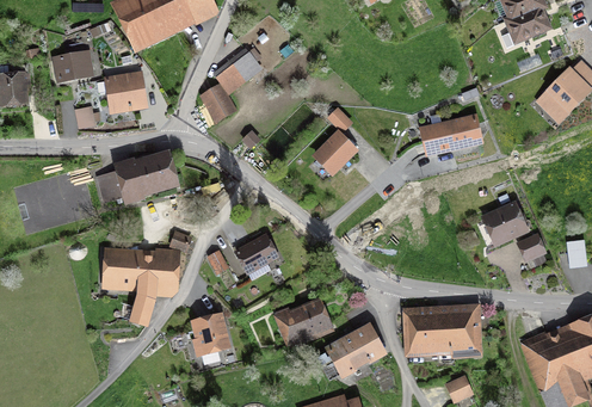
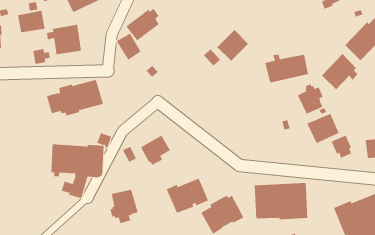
building: none -> [321,53,358,90]
building: [310,129,358,177] -> [217,29,249,62]
building: none -> [297,83,324,115]

